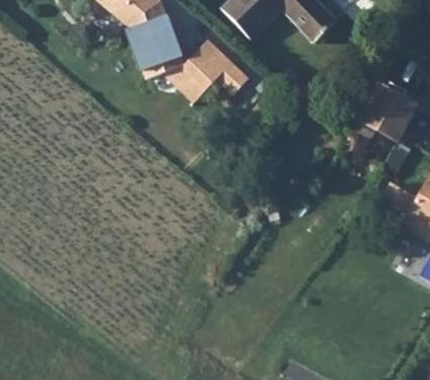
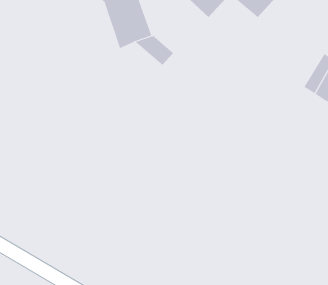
building: [184,35,247,89] -> none

